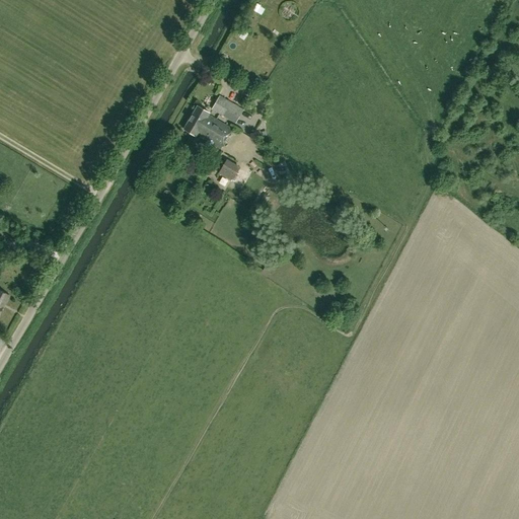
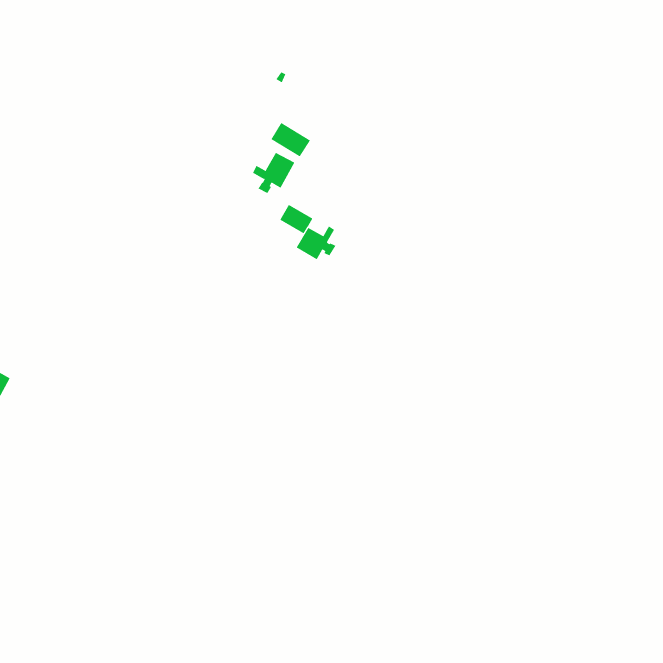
building: [182,105,215,136] -> none
building: none -> [296,225,336,260]

